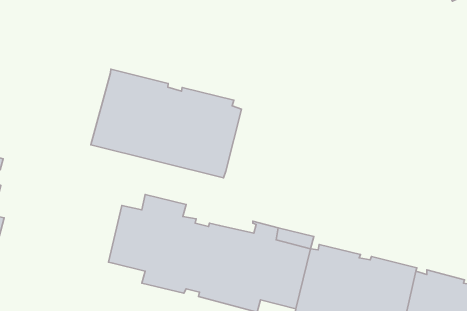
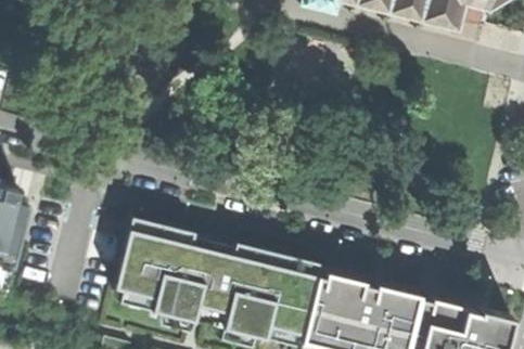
building: [91,69,241,178] -> none

